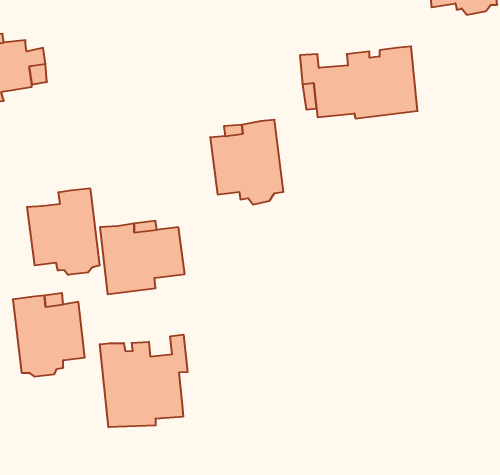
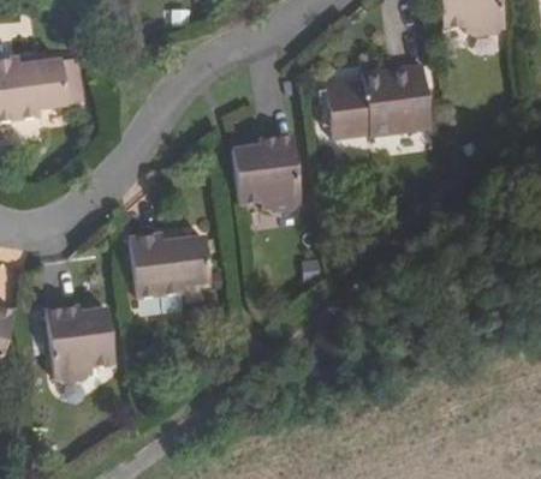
building: [27,188,99,275] -> none
building: [100,335,188,427] -> none

